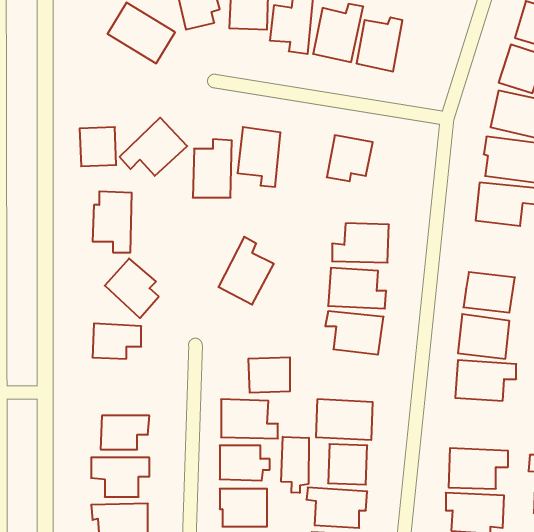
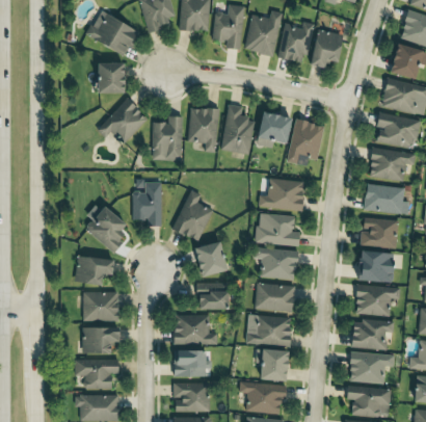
building: none -> [310,29,343,68]
building: none -> [222,105,255,154]
building: [80,127,116,166] -> [96,62,124,93]
building: none -> [288,120,324,165]
building: [93,191,132,252] -> [132,181,162,228]
building: none -> [365,184,410,214]
building: none -> [194,242,224,275]
building: none -> [257,284,295,312]
building: none -> [83,292,119,321]
building: none -> [352,320,395,349]
building: [281,437,309,493] -> none

